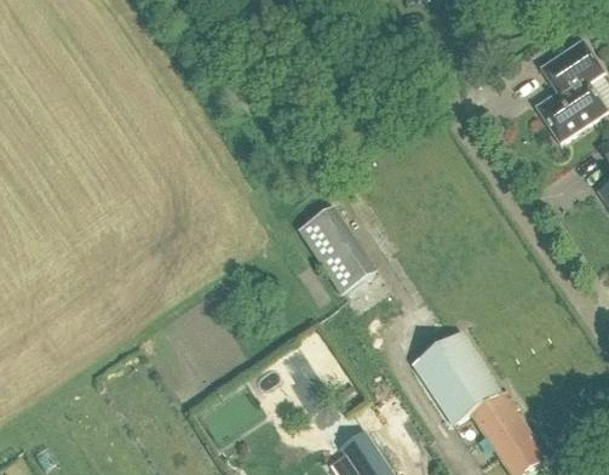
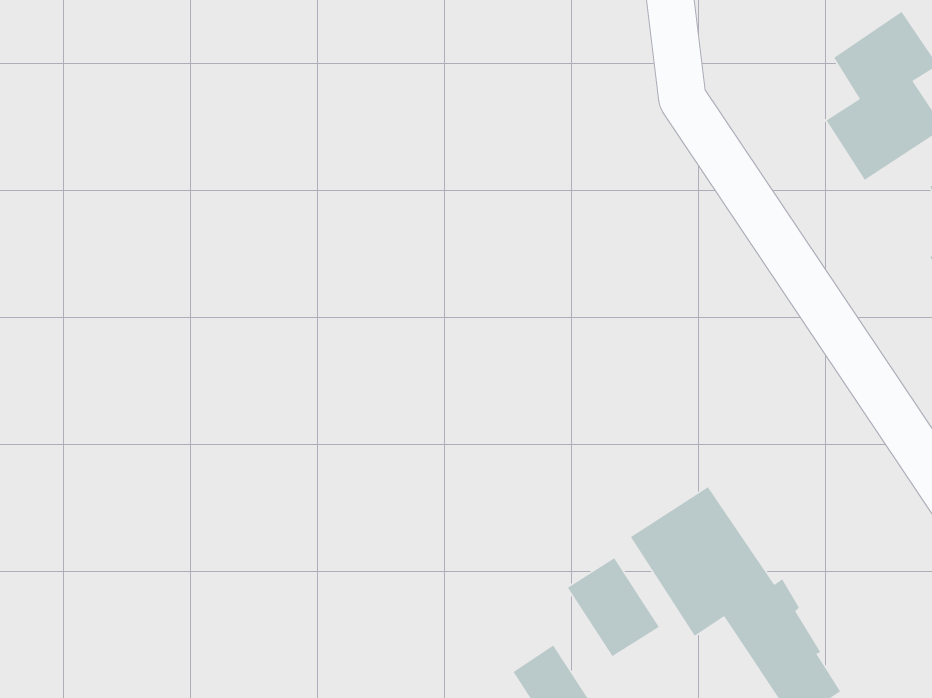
building: [293,202,373,292] -> none
building: none -> [567,557,660,657]

